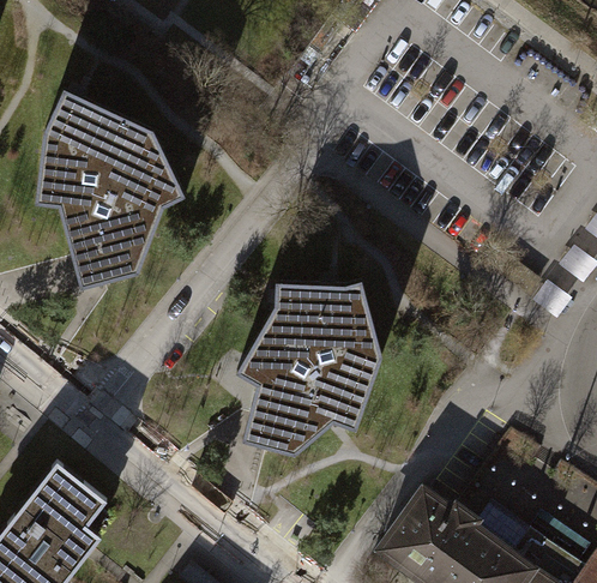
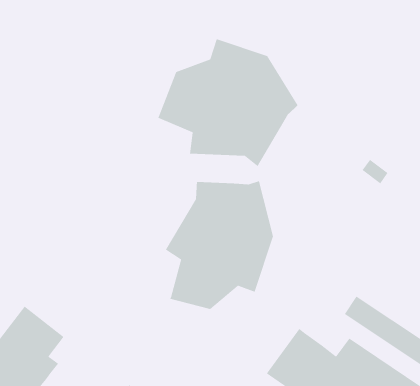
building: [36,88,188,292] -> none
building: none -> [157,38,299,167]

